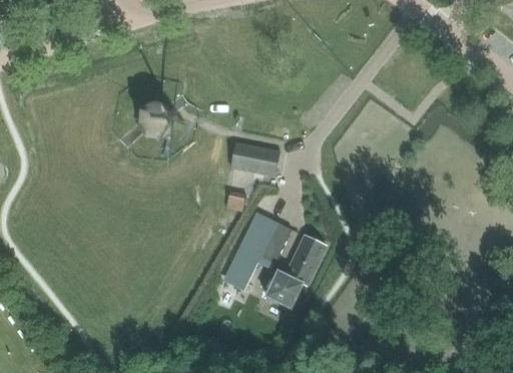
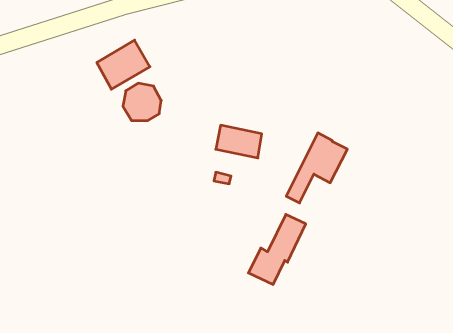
building: none -> [97,40,150,89]
building: [224,217,289,290] -> [286,133,347,203]

